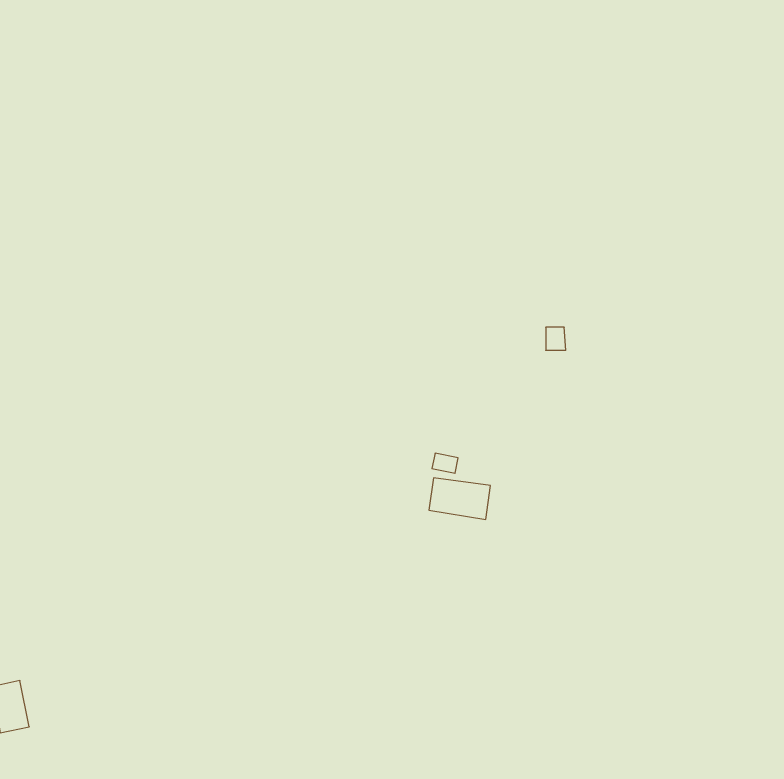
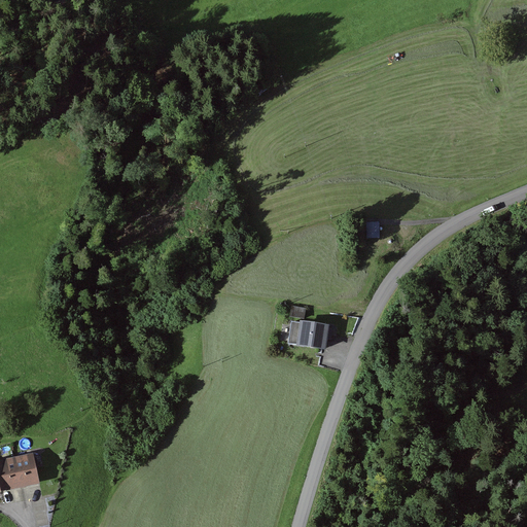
building: none -> [13,452,39,487]

